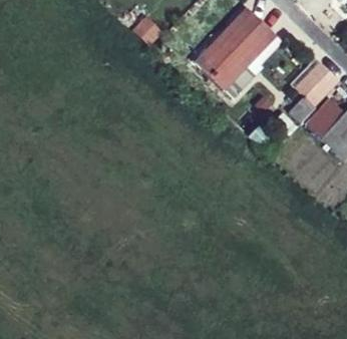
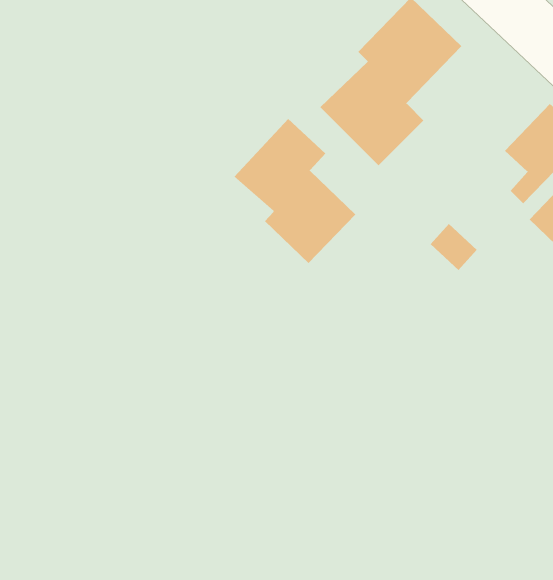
building: none -> [234,118,356,264]

